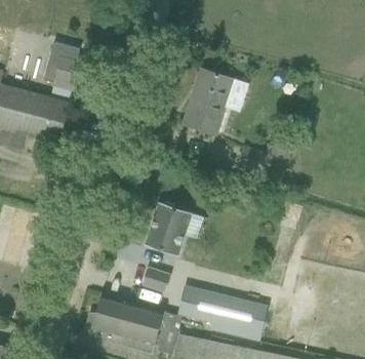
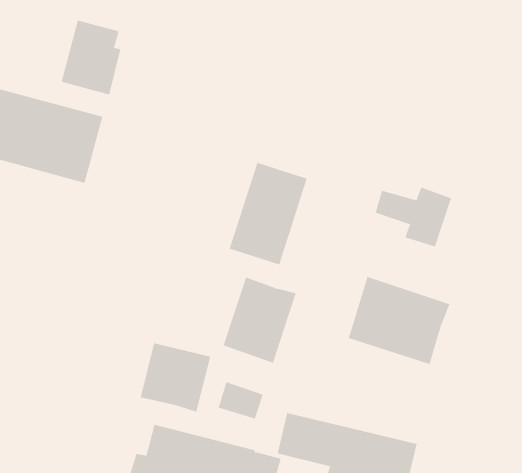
building: [185,70,234,134] -> [229,162,308,265]
building: none -> [348,276,450,365]
building: none -> [140,343,211,412]

